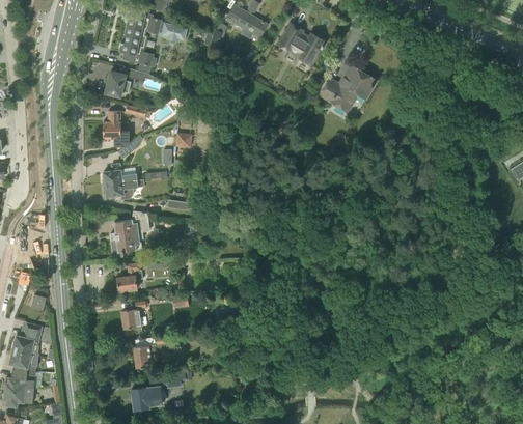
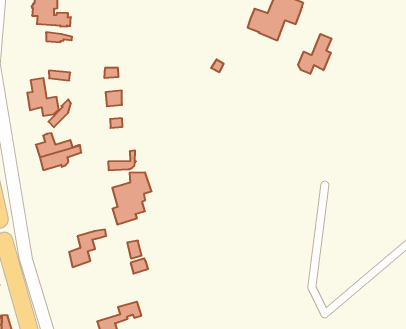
building: [105,70,131,97] -> none
building: none -> [298,34,331,74]
building: [111,210,150,257] -> [112,172,152,225]
building: [121,309,142,335] -> none

